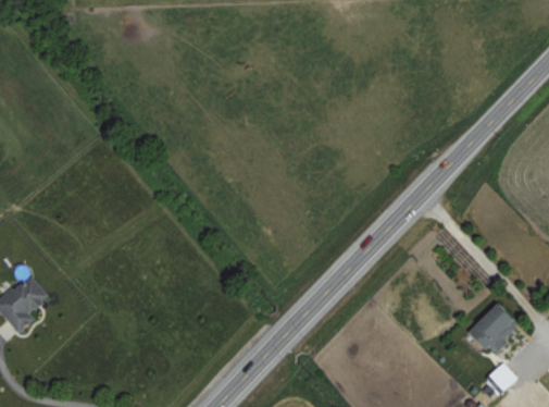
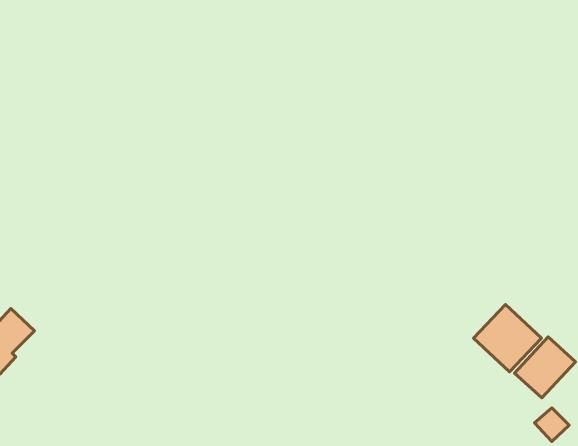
building: none -> [474,305,542,372]

